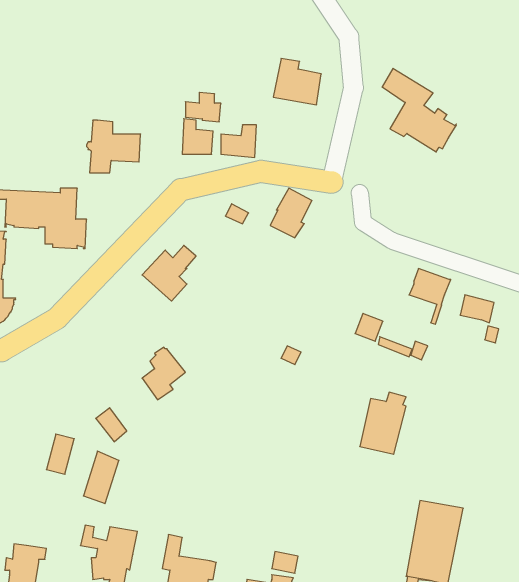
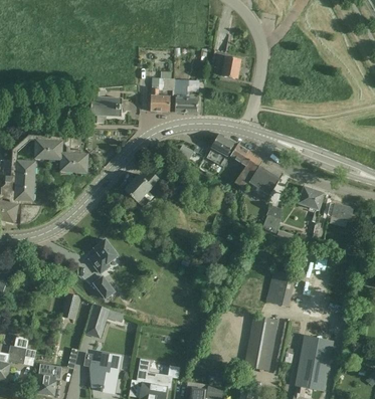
building: [382,68,456,152] -> [230,144,278,198]
building: [142,347,185,400] -> [89,239,118,273]
building: none -> [244,316,277,371]

